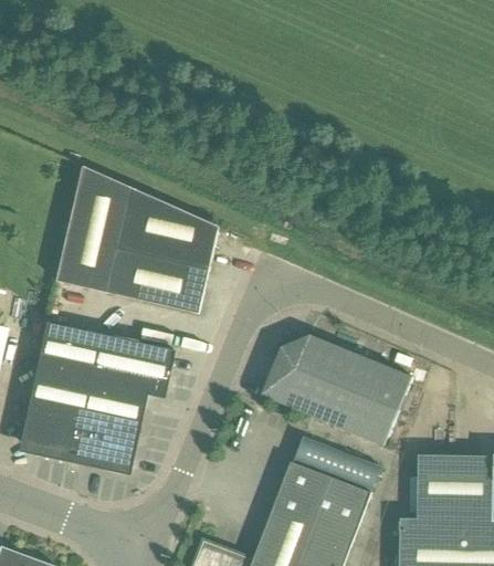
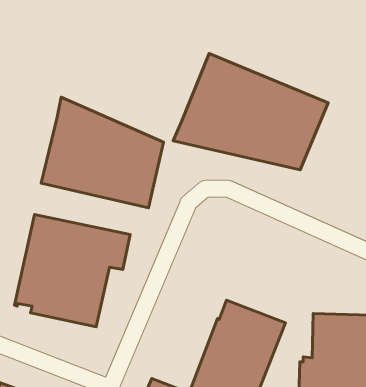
building: none -> [173,54,328,170]
building: [261,335,411,447] -> none

